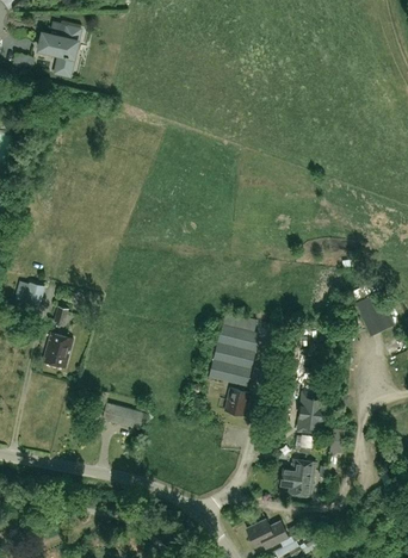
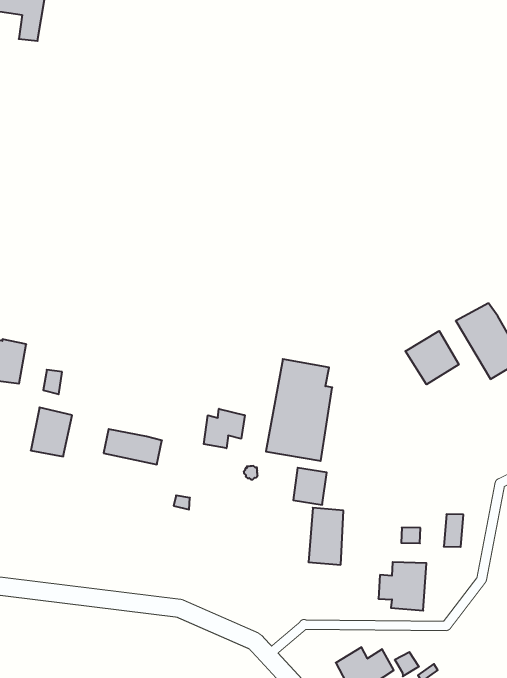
building: none -> [405,331,459,384]
building: none -> [204,409,245,448]
building: [296,391,323,433] -> [308,508,343,565]
building: [101,402,143,429] -> [104,429,162,464]

